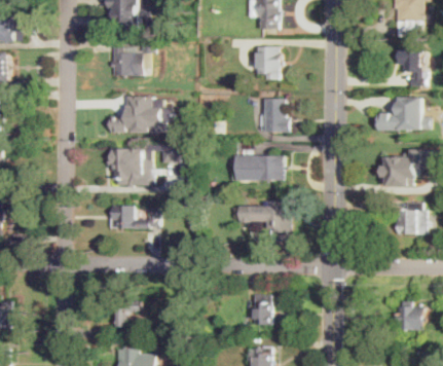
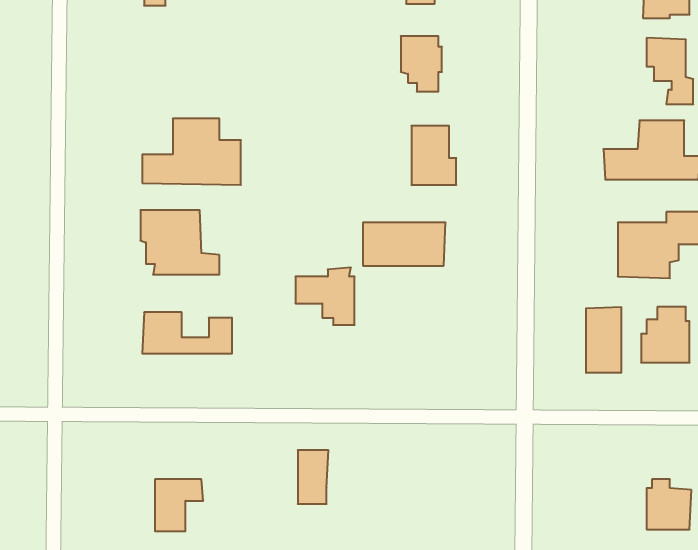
building: [108,36,151,77] -> none
building: [250,200,284,233] -> [295,268,355,325]
building: none -> [586,307,621,373]
building: [254,295,271,326] -> [298,450,328,504]

